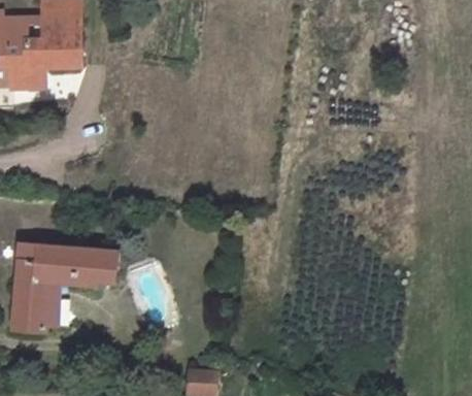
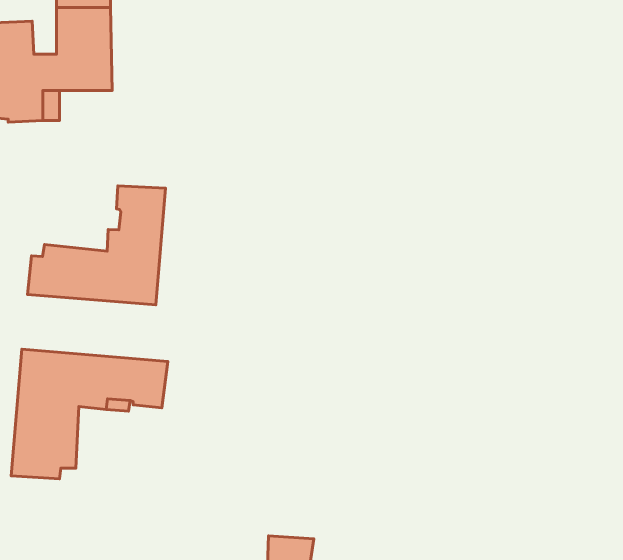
building: none -> [27,186,166,305]

